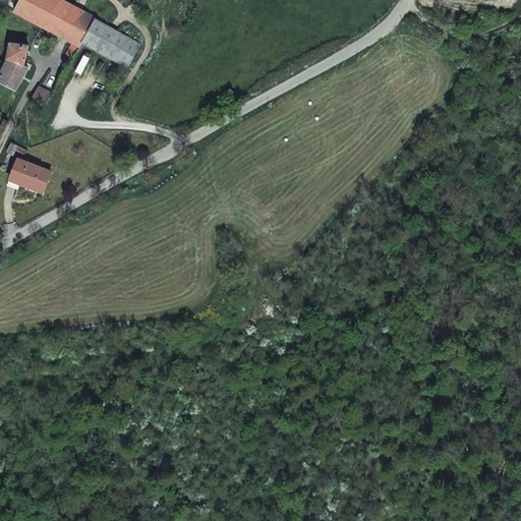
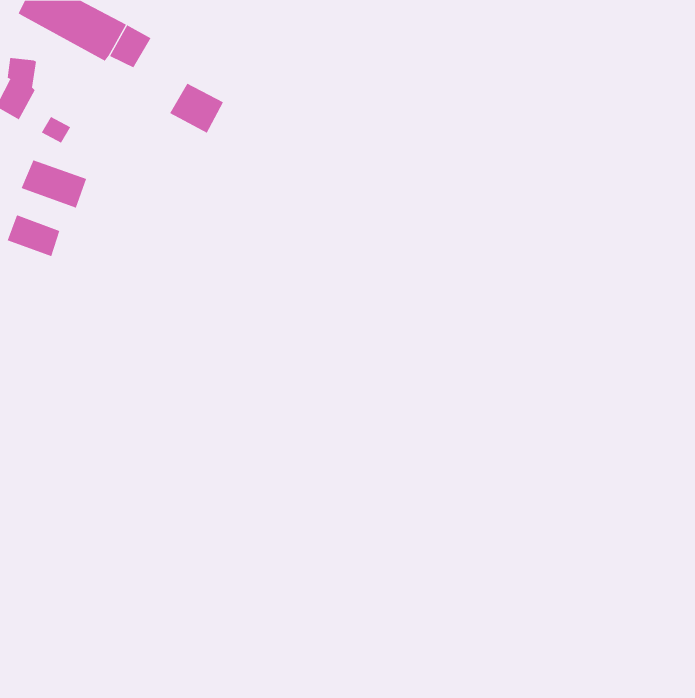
building: [100,28,140,66] -> [169,83,224,134]
building: none -> [21,159,87,209]

